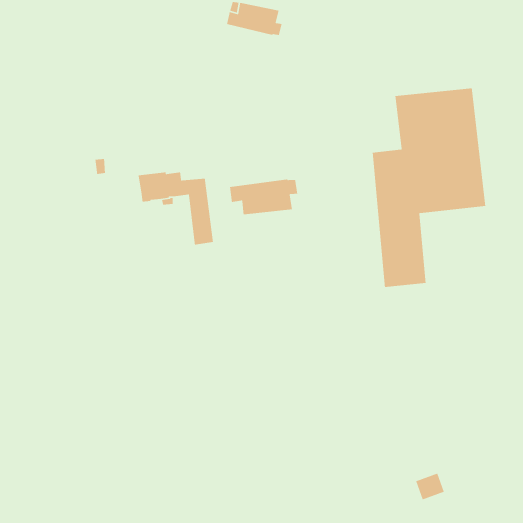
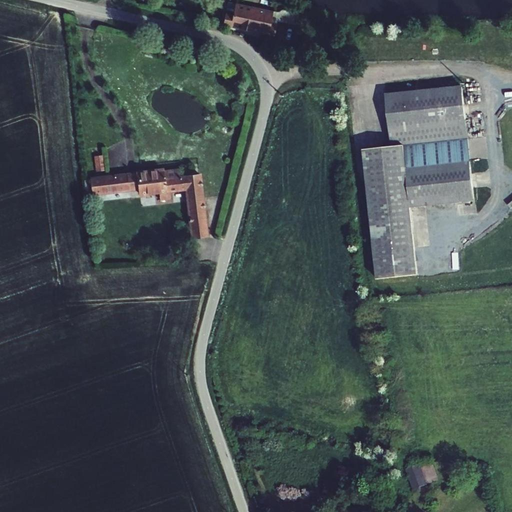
building: none -> [88,171,137,195]
building: [229,178,298,215] -> none

